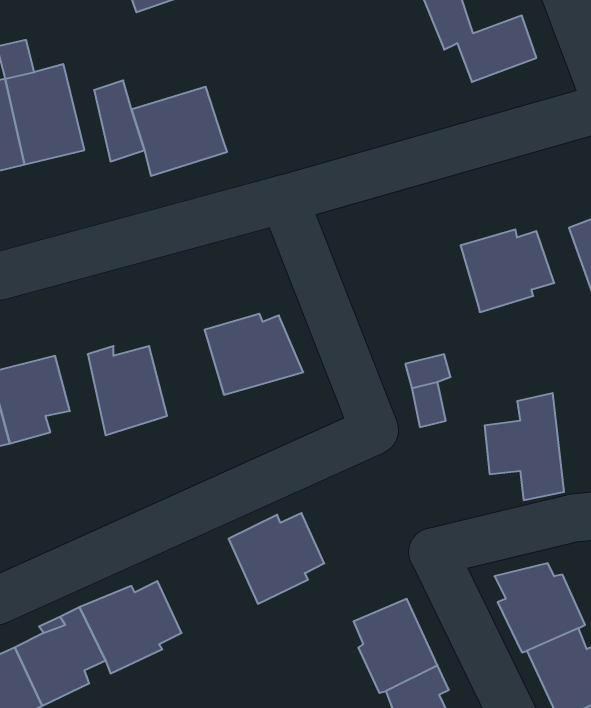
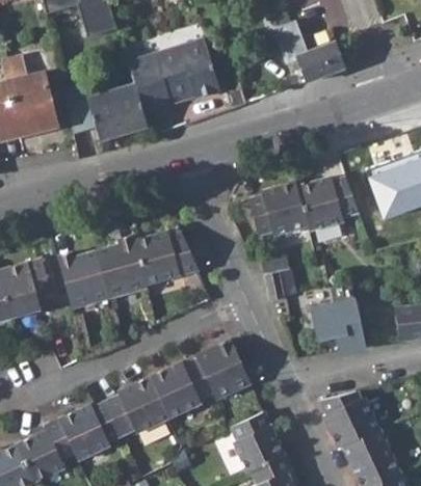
building: none -> [128,39,220,117]
building: none -> [251,183,310,236]
building: none -> [99,236,148,296]
building: none -> [194,338,248,398]
building: none -> [104,375,168,435]

